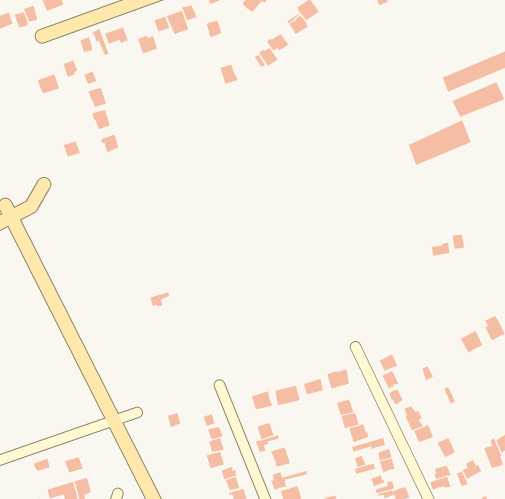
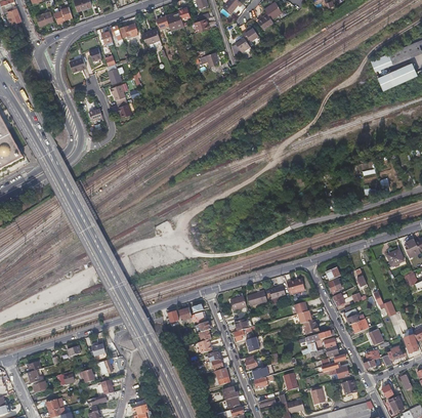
building: [408,120,471,166] -> none

